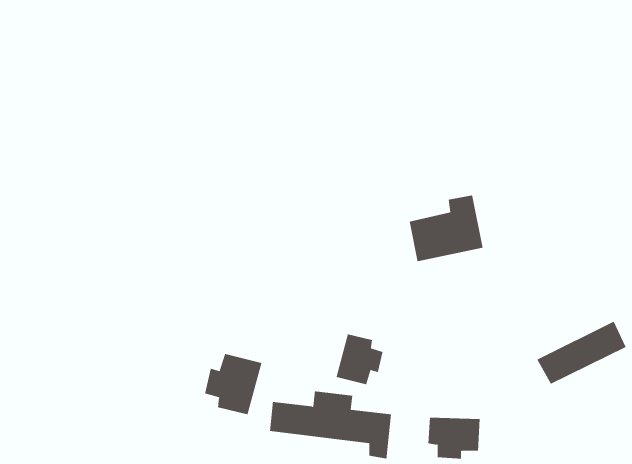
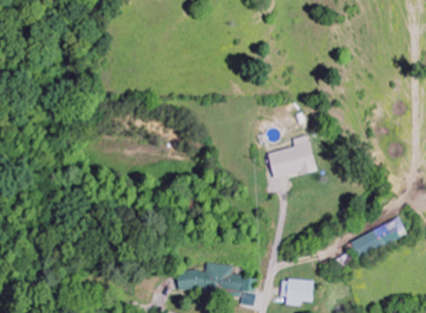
building: [336,334,383,385] -> none
building: [205,353,262,415] -> none

